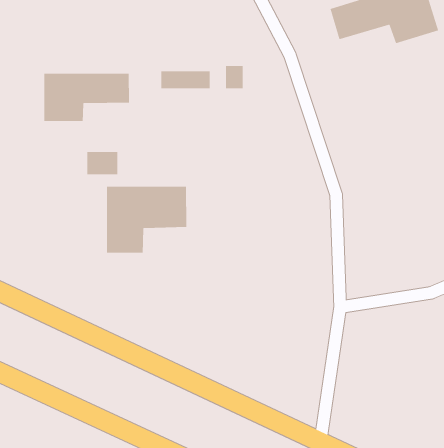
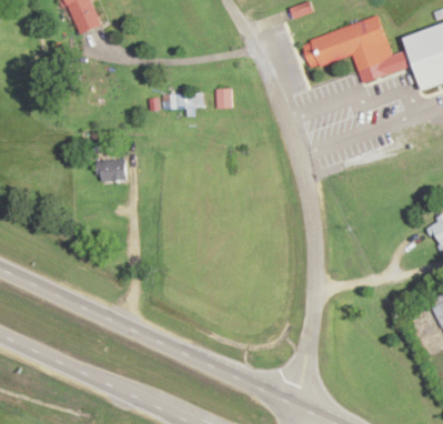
building: [44,73,130,122] -> none
building: [106,186,187,254] -> none

